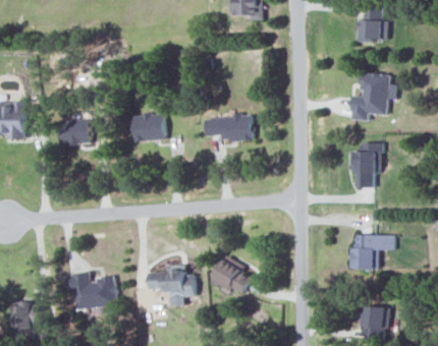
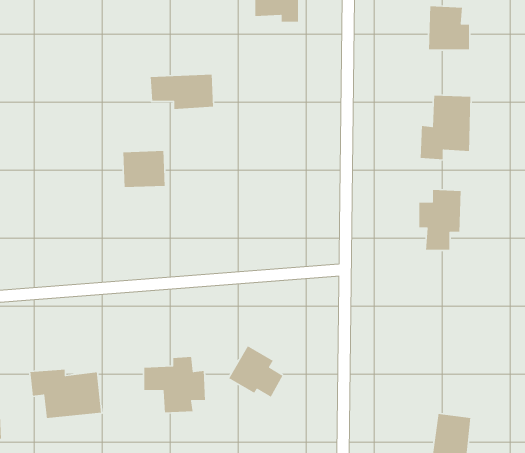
building: [205,115,252,141] -> [150,74,214,110]
building: [58,119,89,143] -> none
building: [349,234,393,269] -> none

